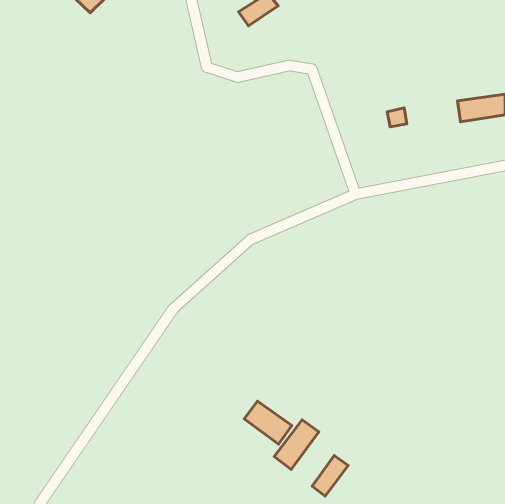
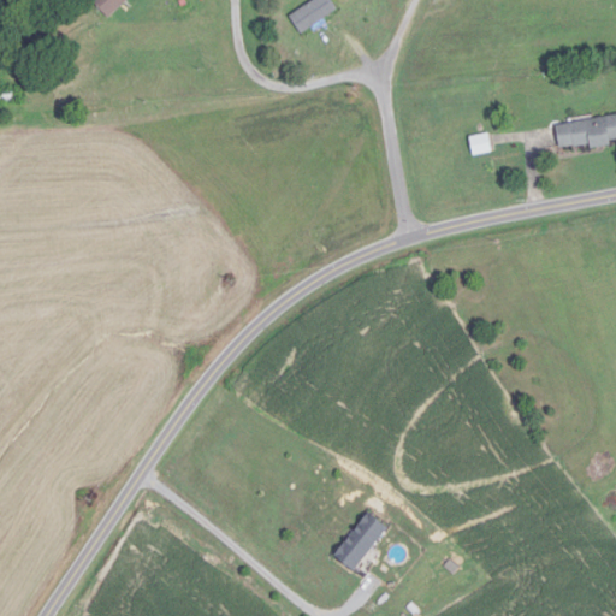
building: [244,401,292,444] -> none
building: [312,456,348,496] -> none

